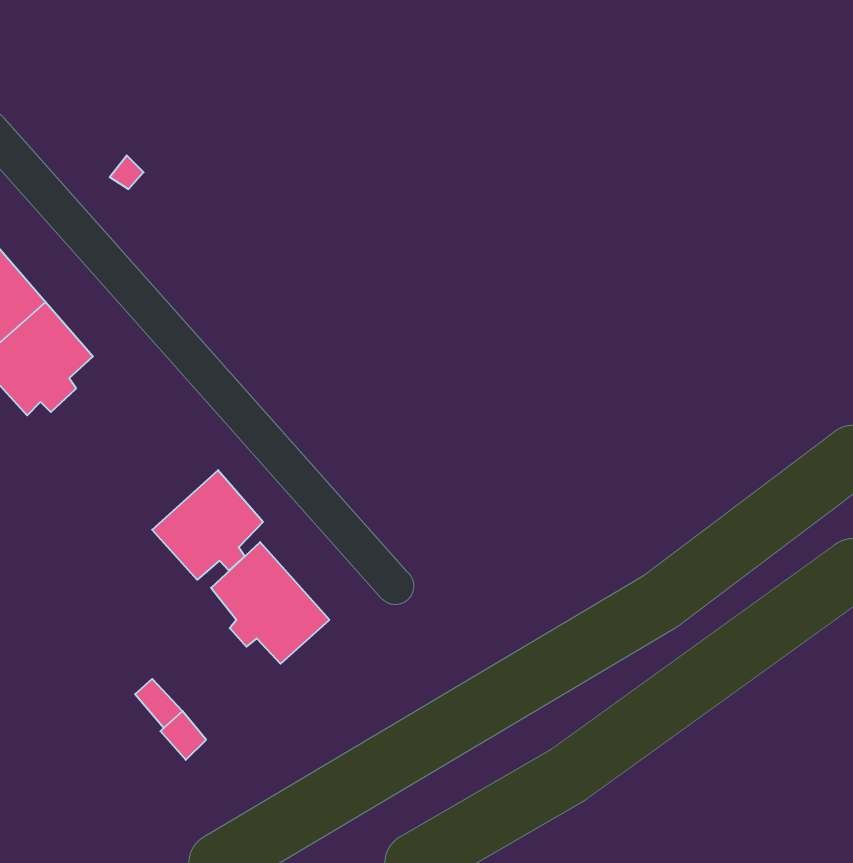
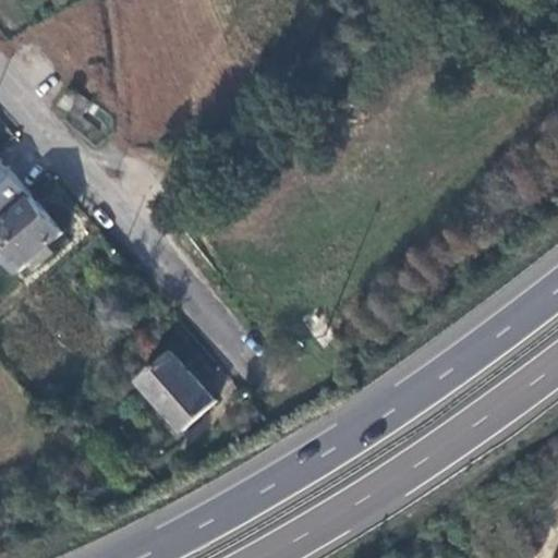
building: [152,470,263,580] -> none

